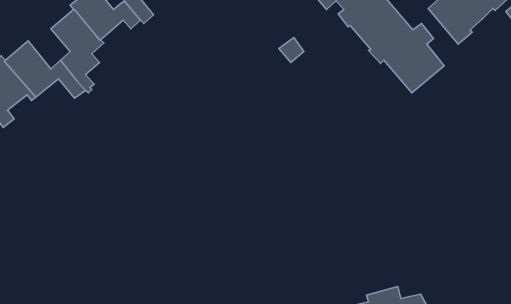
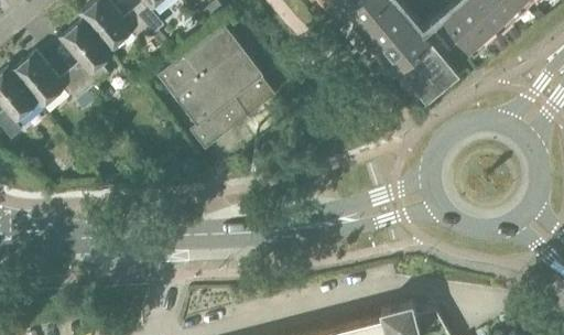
building: none -> [158,26,273,147]

